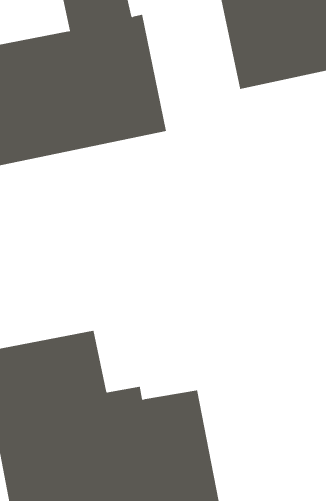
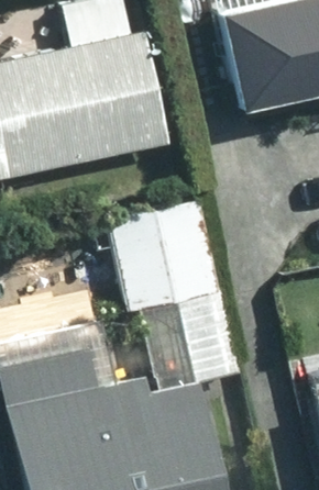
building: none -> [116,209,221,311]

